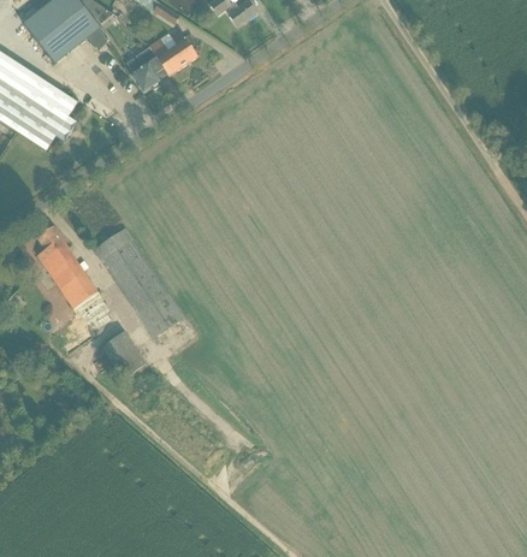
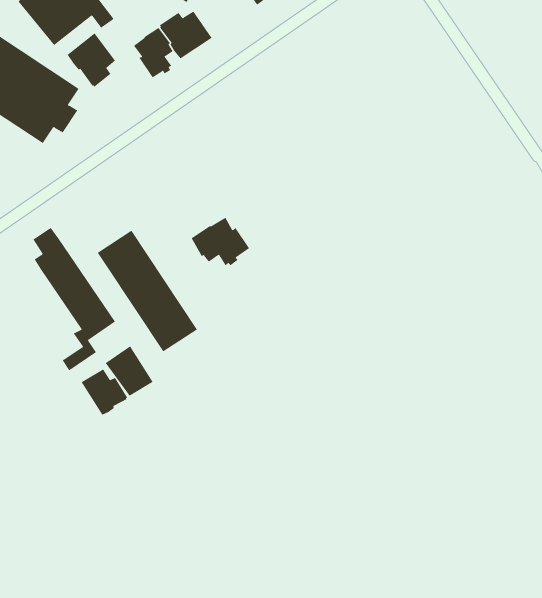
building: none -> [67,33,116,88]
building: none -> [191,217,250,266]
building: none -> [81,369,128,415]

